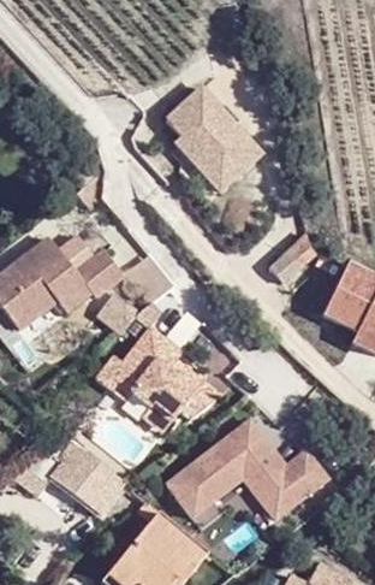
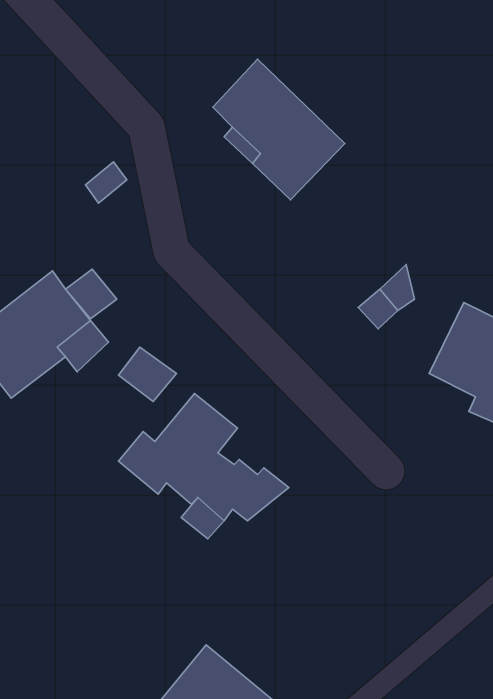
building: [76,252,124,299] -> none
building: [169,418,331,518] -> none
building: [26,437,124,513] -> none

